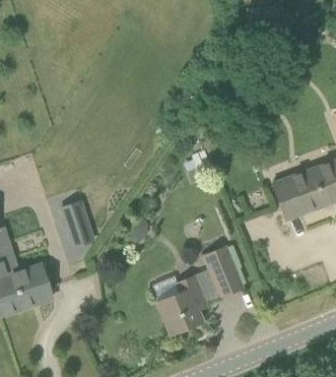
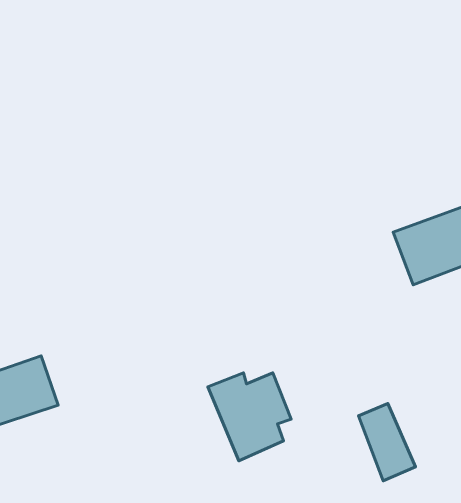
building: [62,201,93,246] -> none
building: [204,247,242,298] -> [358,403,416,481]

